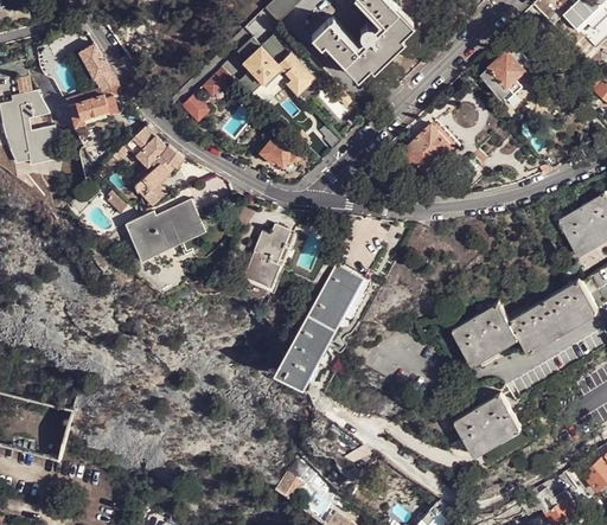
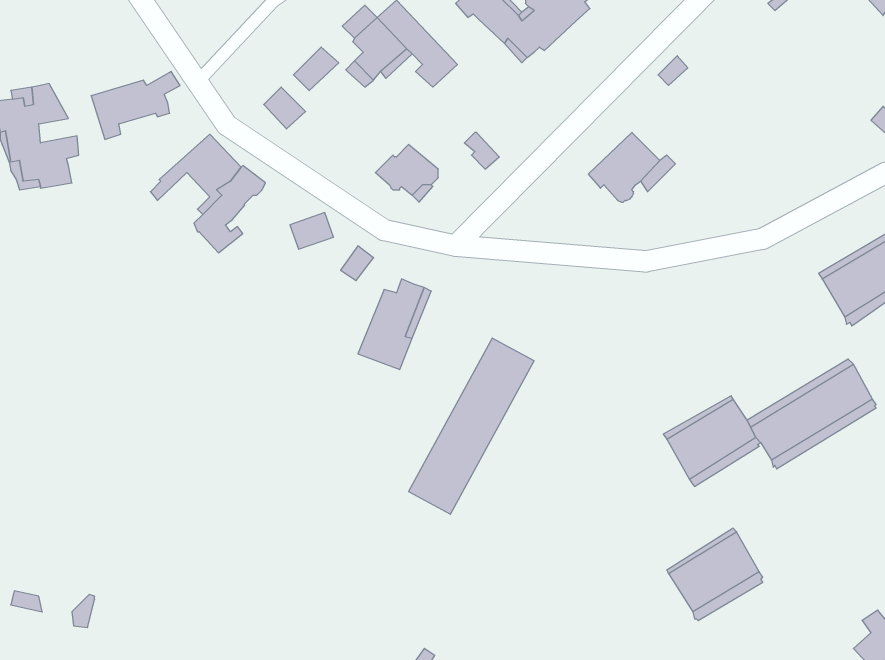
building: [78,45,117,94] -> none
building: [479,50,531,103] -> none
building: [126,201,205,262] -> none

